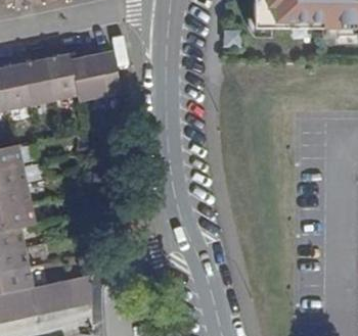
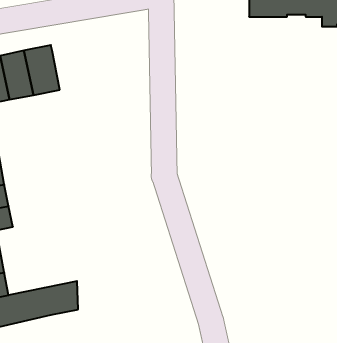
building: [68,50,124,100] -> none

